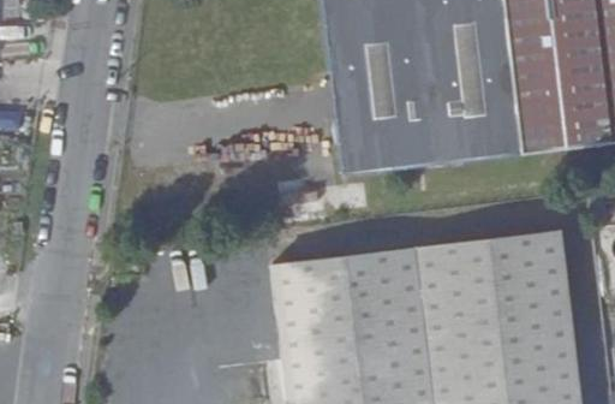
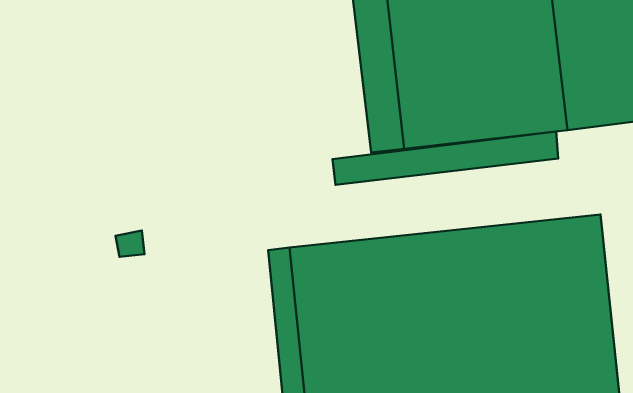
building: none -> [333,132,558,185]

